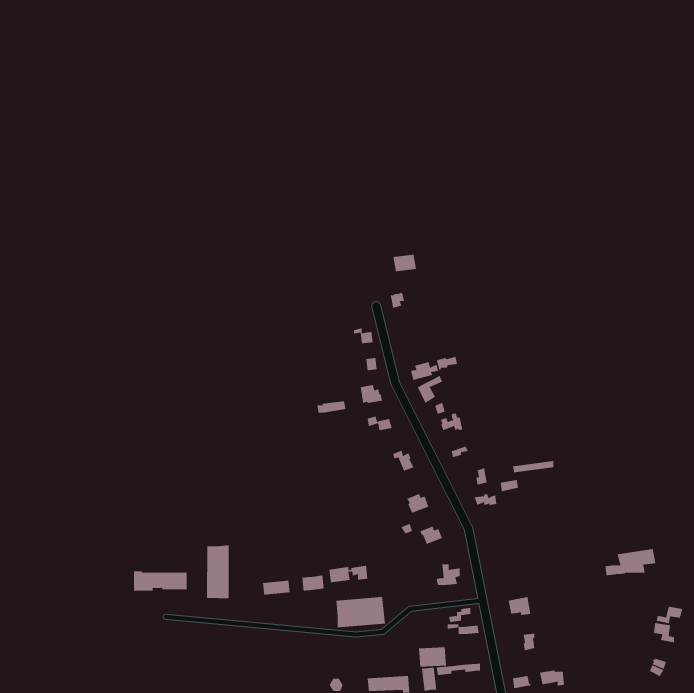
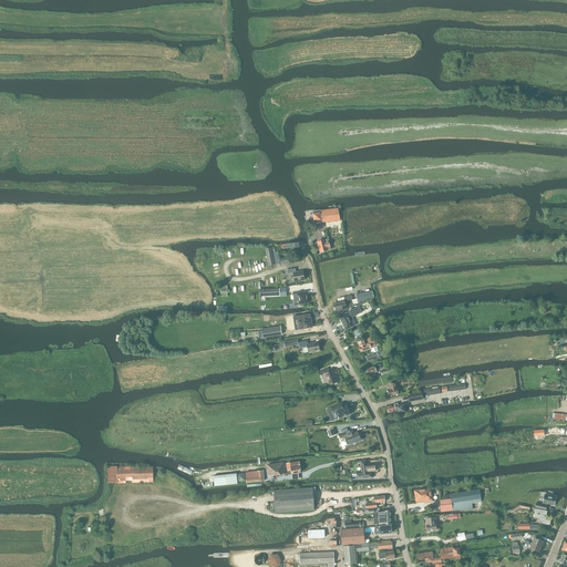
building: [207,544,229,599] -> none
building: [605,549,656,576] -> [440,488,482,511]

